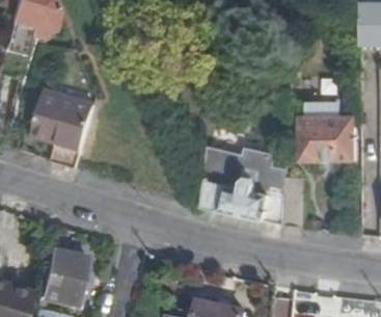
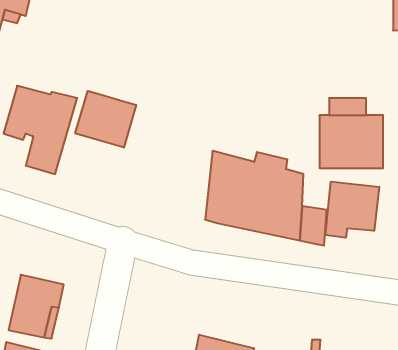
building: none -> [75,91,136,148]
building: none -> [325,182,379,238]

